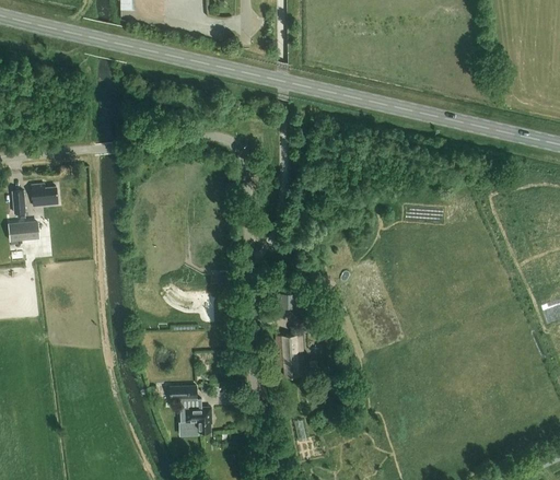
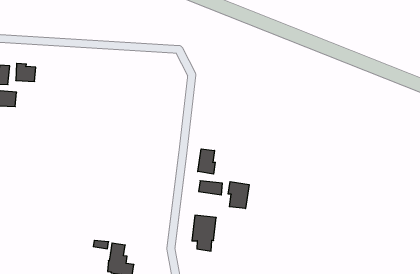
building: none -> [198,149,215,174]
building: none -> [228,182,249,209]

